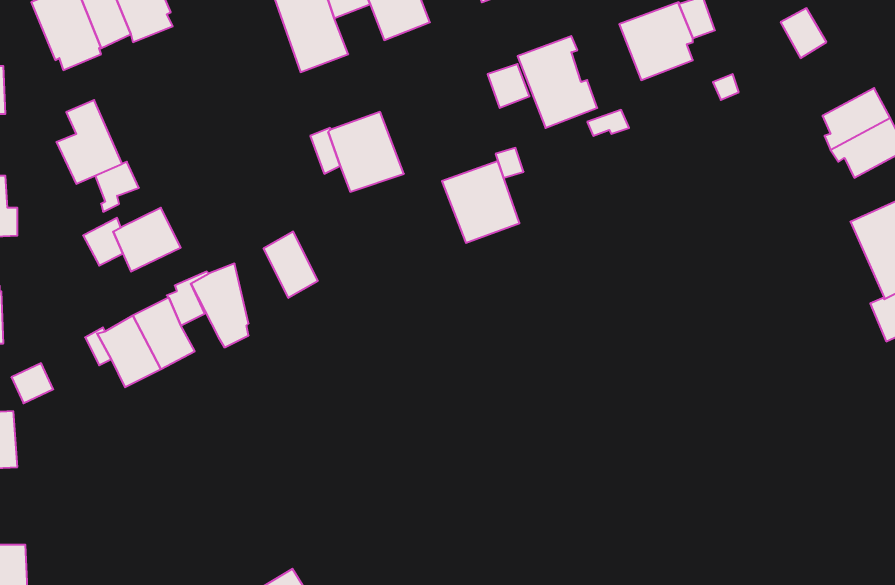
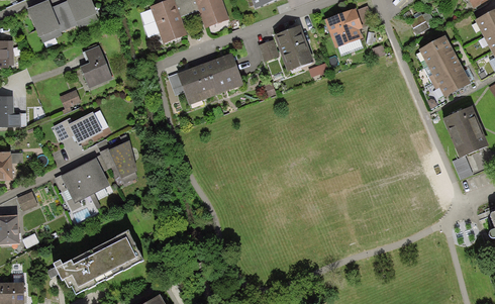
building: none -> [418,34,454,65]
building: [56,100,122,184] -> [79,44,112,87]
building: [442,161,520,243] -> [203,53,242,94]
building: [264,231,318,298] -> none
building: none -> [53,230,142,295]

